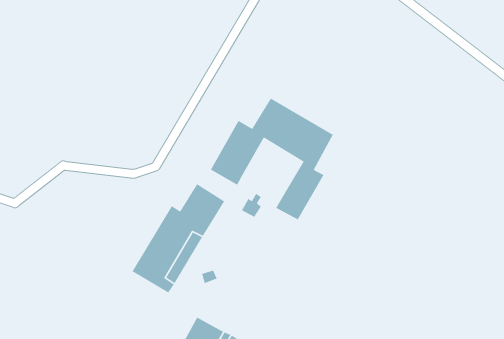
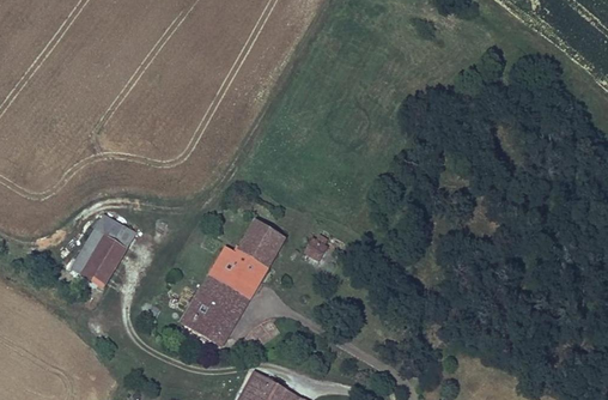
building: [210,98,334,221] -> none
building: none -> [72,212,139,286]

